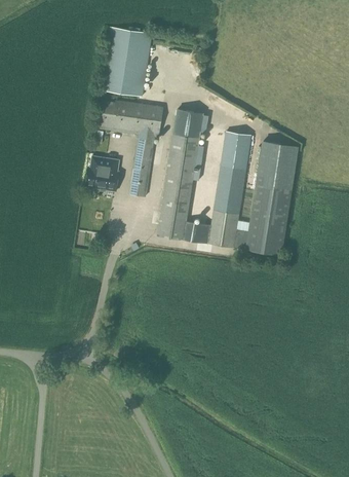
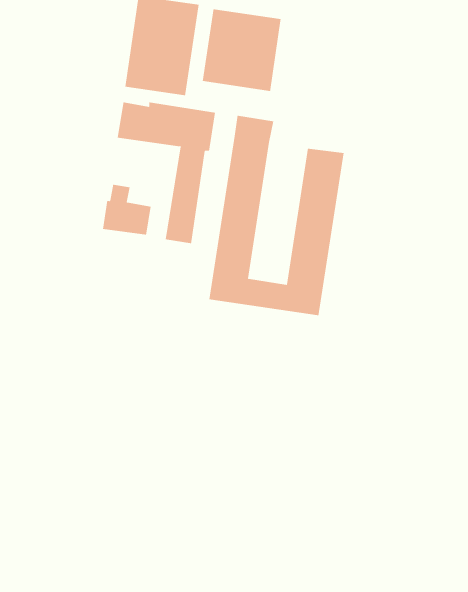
building: none -> [202,9,281,92]
building: [246,139,299,254] -> none

